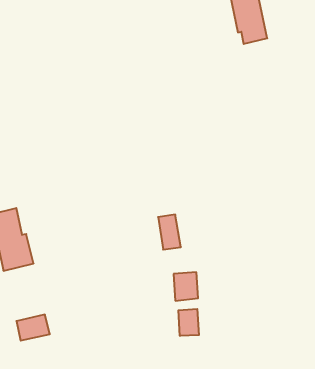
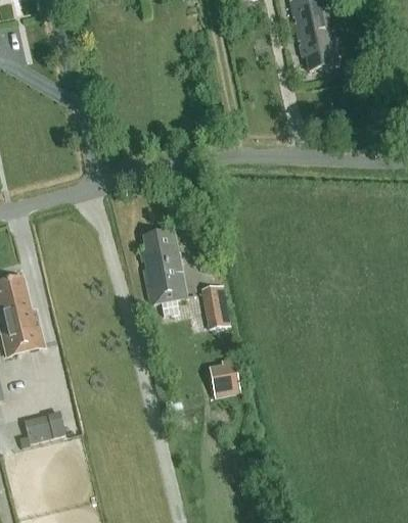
building: none -> [140,229,186,302]
building: [178,309,199,336] -> none

